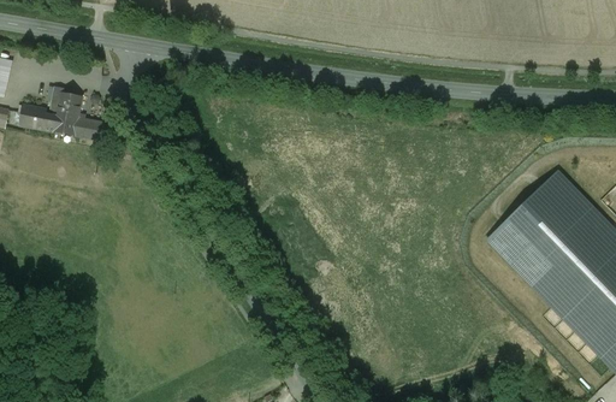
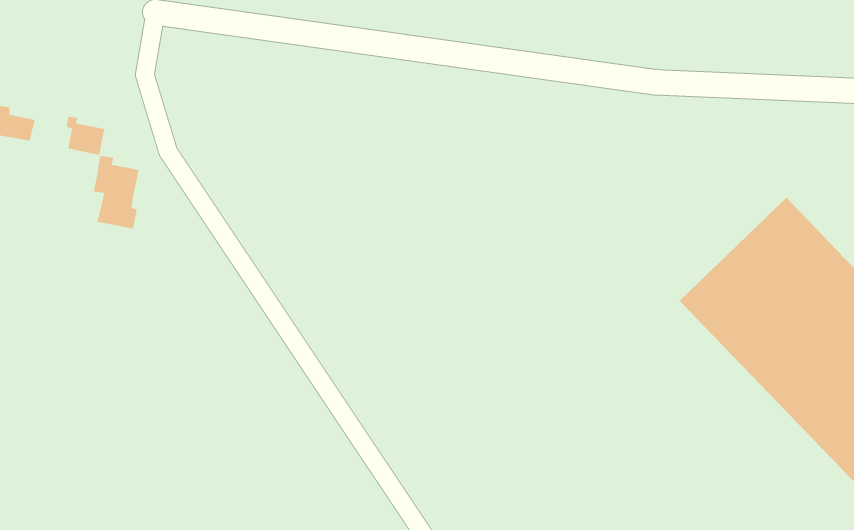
building: [51,85,82,135] -> [93,156,139,229]

